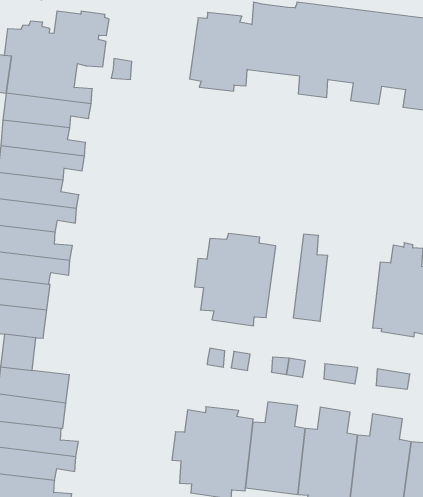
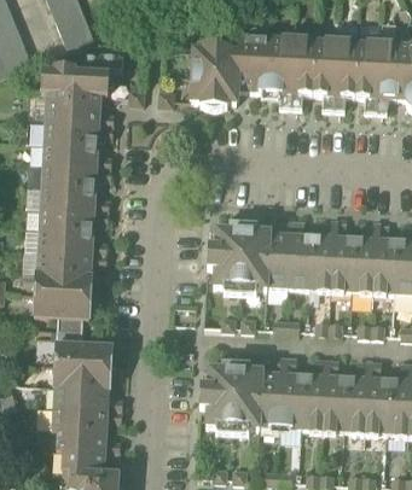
building: none -> [266,217,291,286]
building: none -> [309,217,354,292]

